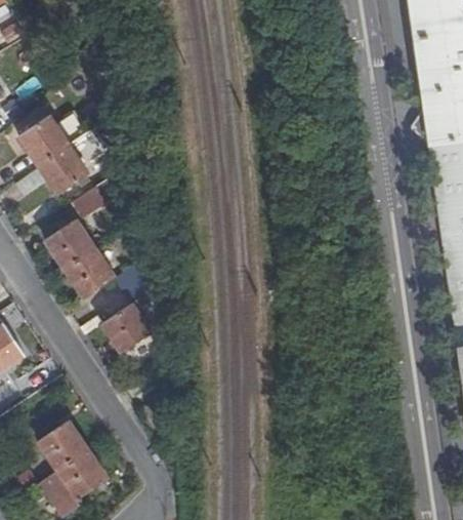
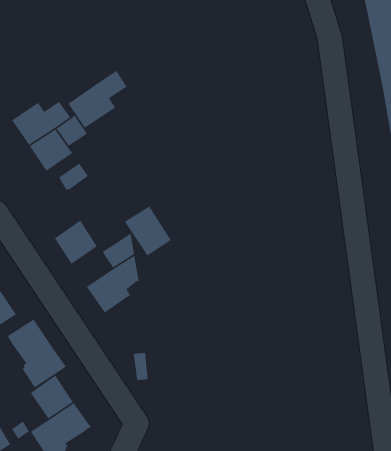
building: none -> [67,70,127,129]
building: [43,219,93,270] -> none
building: none -> [124,206,172,256]
building: none -> [7,318,67,389]

